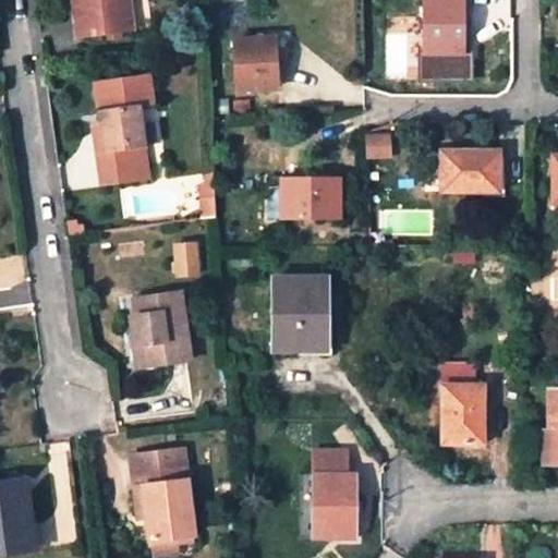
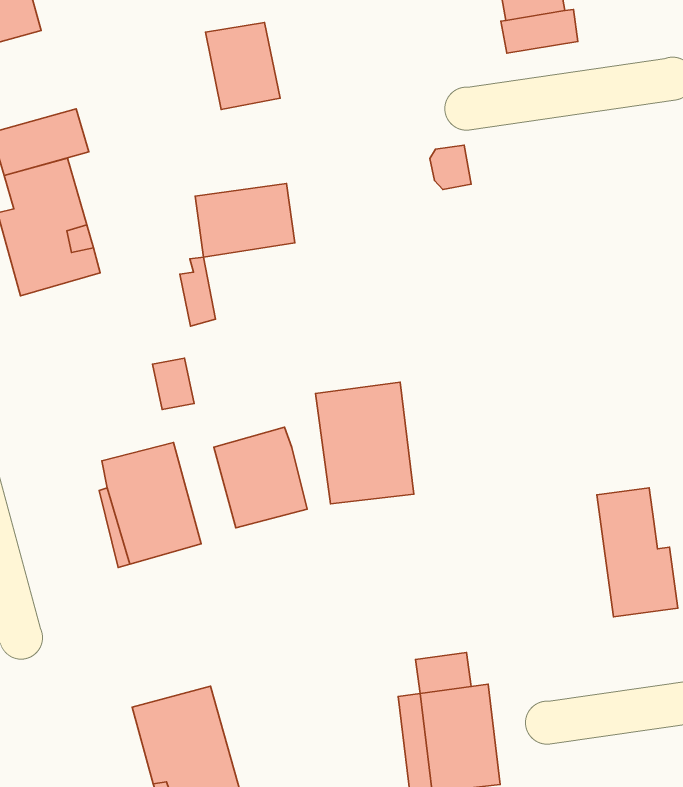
building: [444,150,501,192] -> none
building: [282,179,341,218] -> [195,183,295,257]
building: none -> [214,427,307,528]

